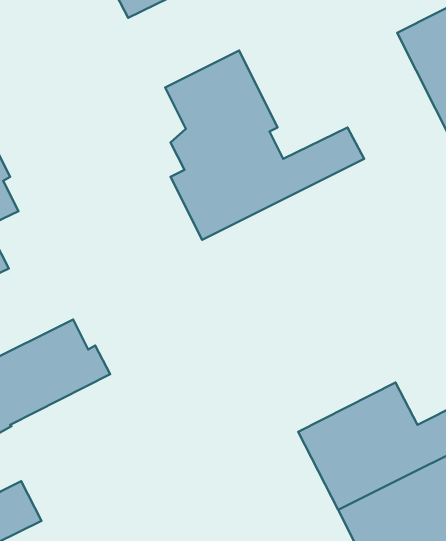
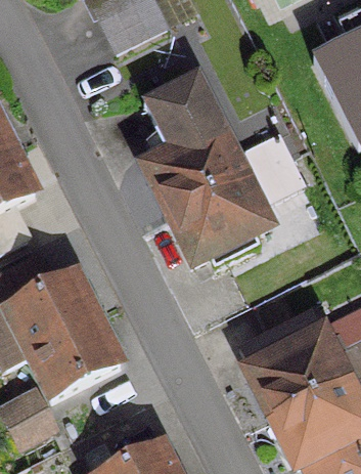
building: none -> [168,149,302,262]
building: none -> [25,310,116,392]

